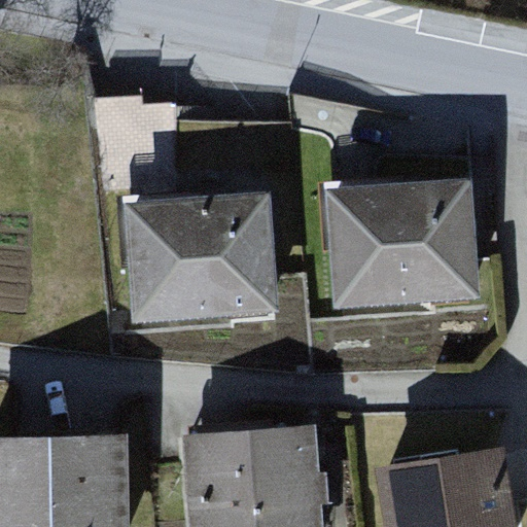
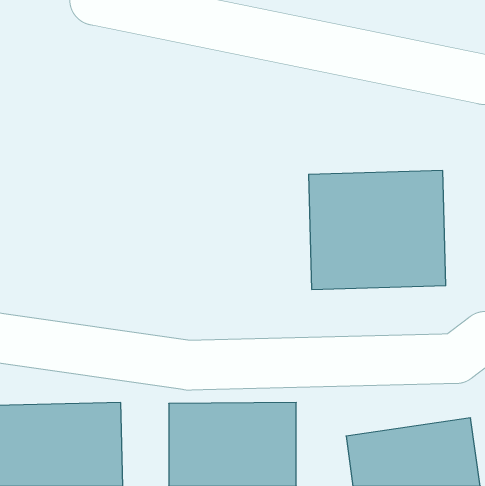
building: [125,199,276,332] -> none

